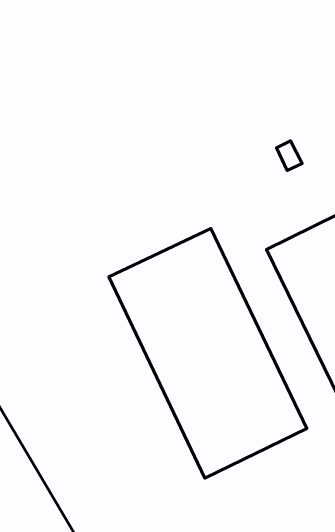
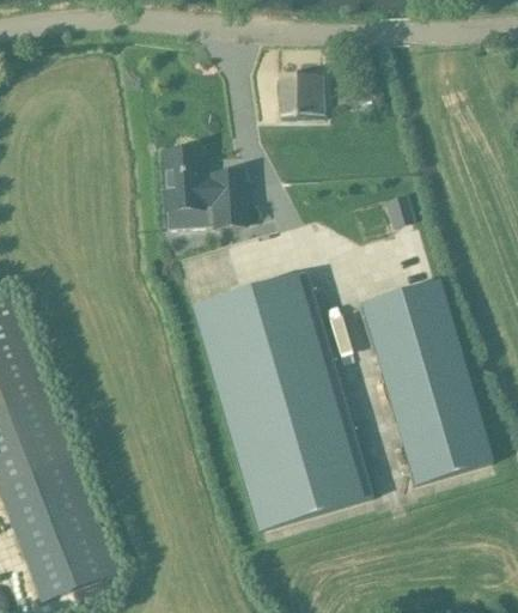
building: none -> [279,75,323,114]
building: none -> [163,150,244,227]

